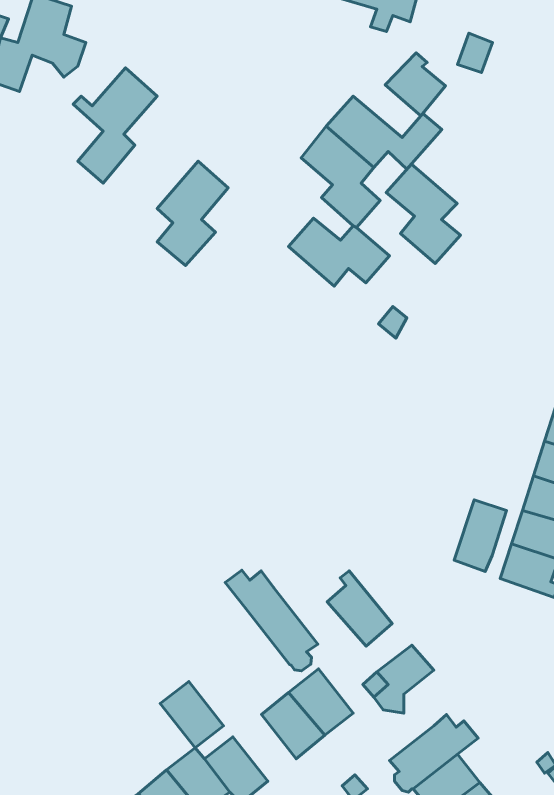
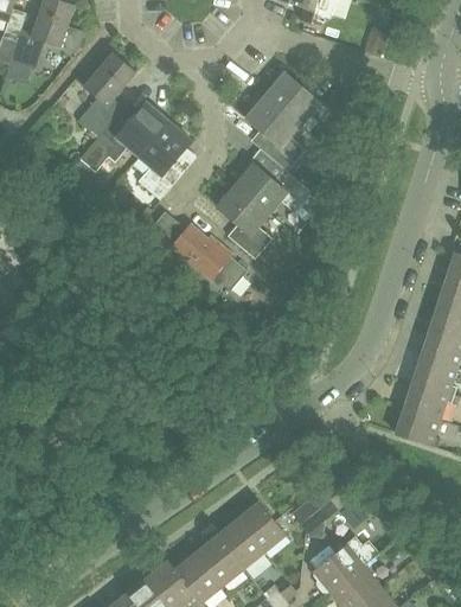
building: [385,53,446,116] -> none
building: none -> [78,102,168,172]
building: [386,164,460,264] -> [217,185,273,260]
building: none -> [143,212,246,296]
building: [454,500,507,571] -> none
building: [225,570,318,671] -> none
building: [327,571,392,646] -> none
building: [160,681,224,748] -> [194,536,242,586]

